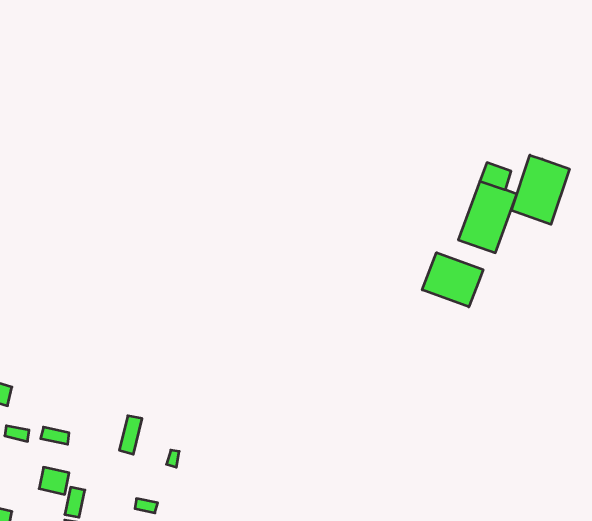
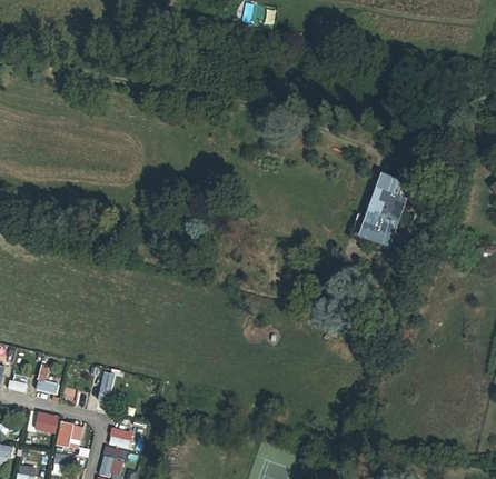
building: [511,155,569,224] -> none
building: [422,253,483,307] -> none

